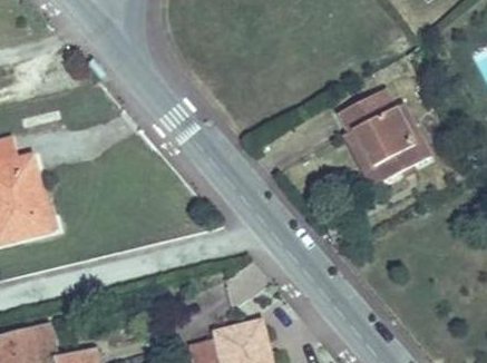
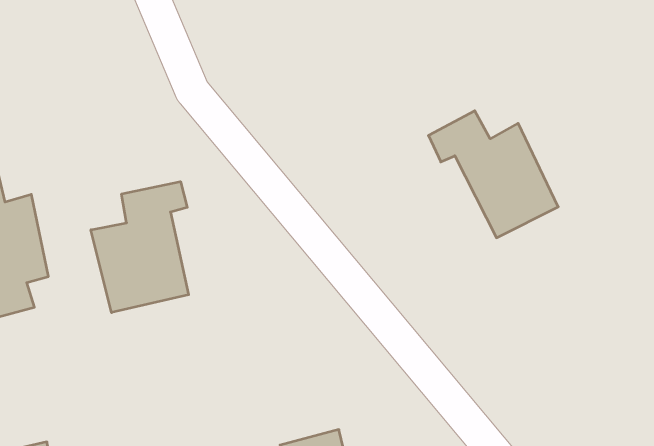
building: none -> [91,182,189,313]

